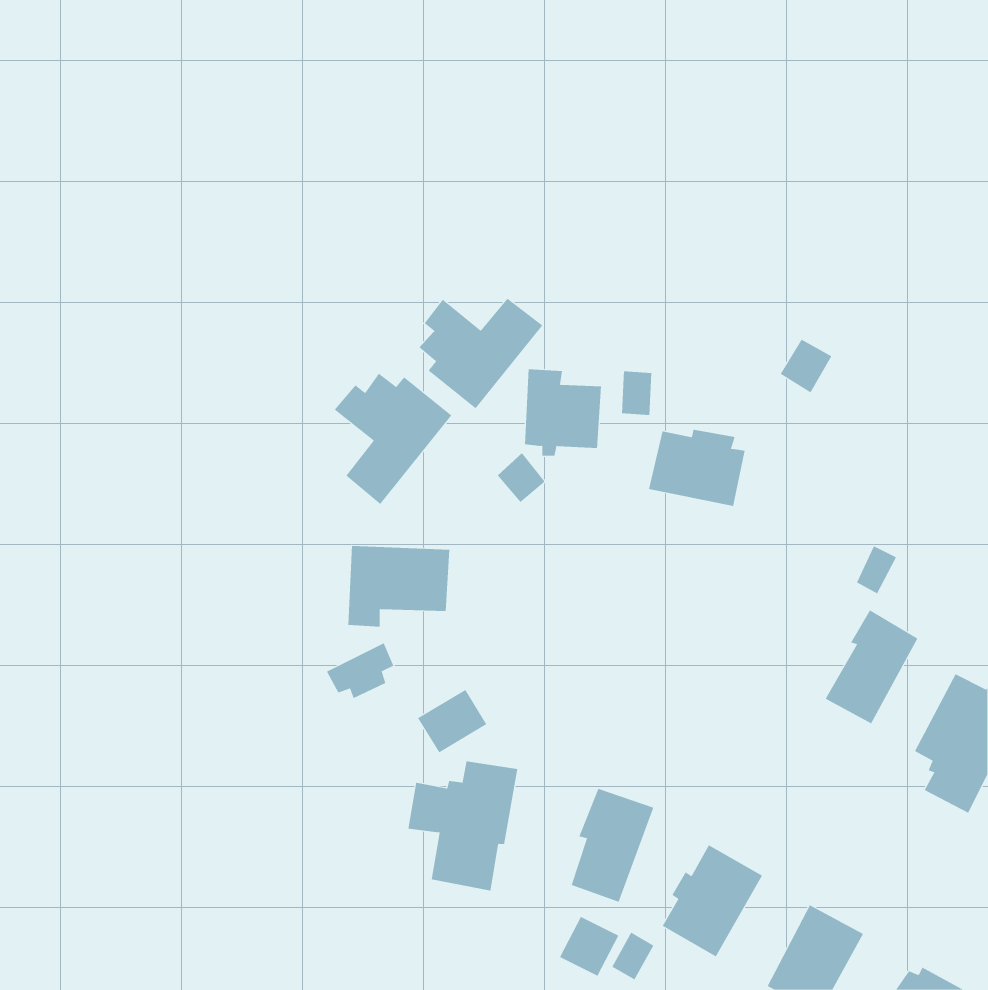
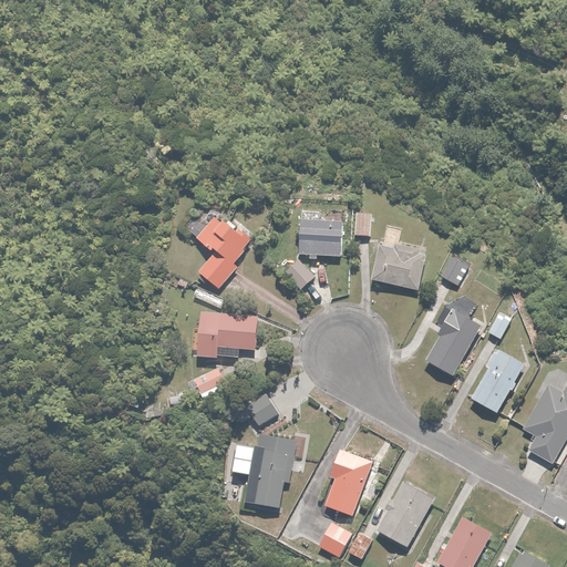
building: [418,298,543,409] -> none
building: [780,339,832,393] -> [441,256,471,287]
building: none -> [425,309,482,375]

